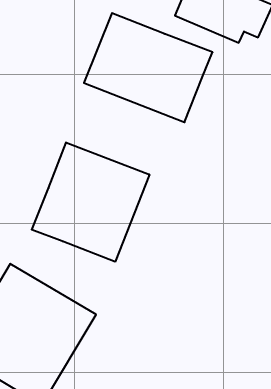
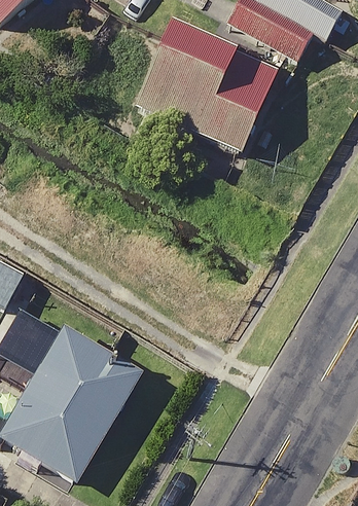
building: [32,142,149,262] -> none

